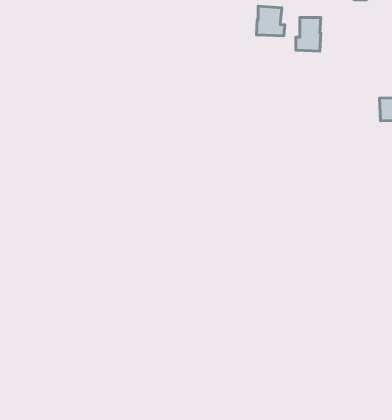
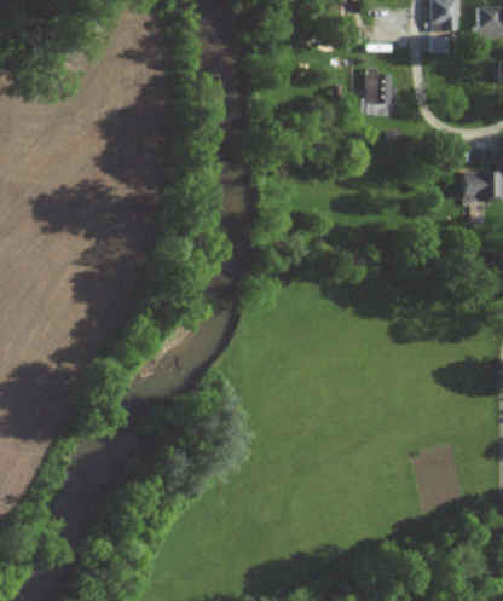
building: [257,6,285,36] -> none

